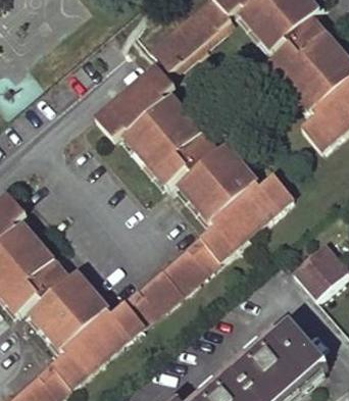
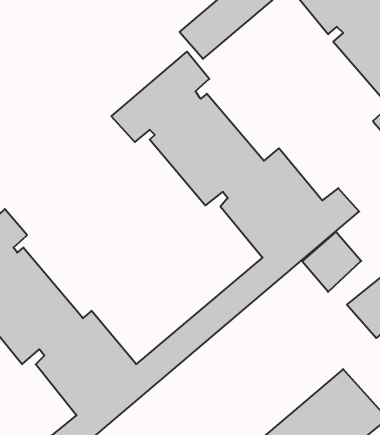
building: none -> [302,232,361,292]

